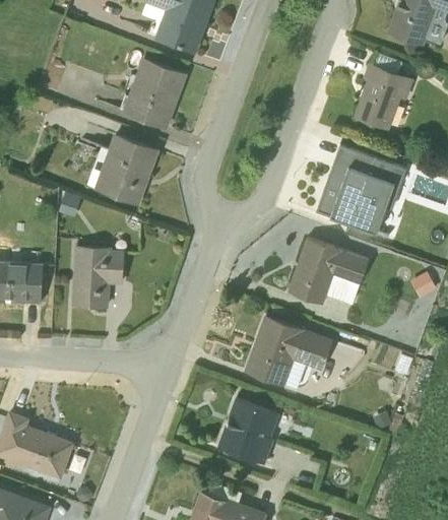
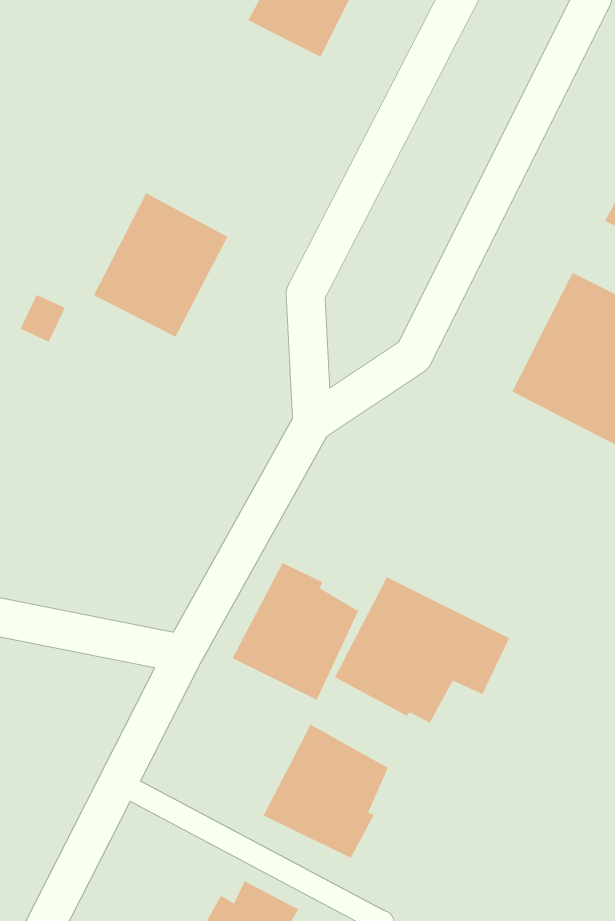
building: [122,57,187,129] -> none
building: [287,238,369,306] -> none
building: [73,248,122,307] -> none
building: none -> [232,562,359,701]

